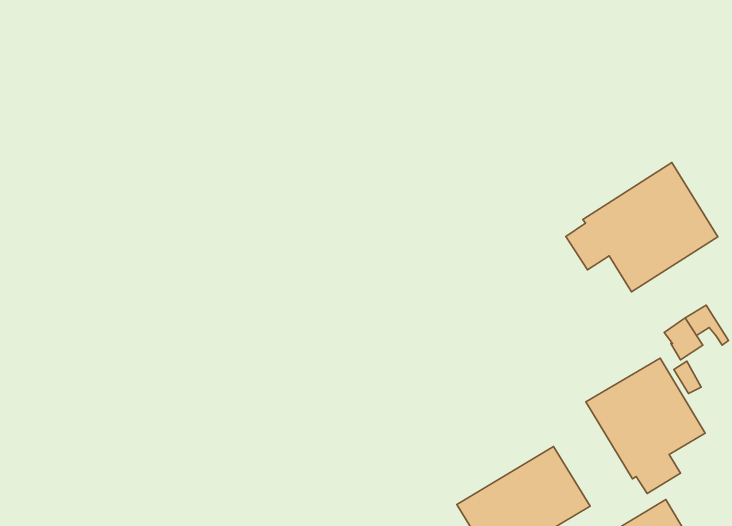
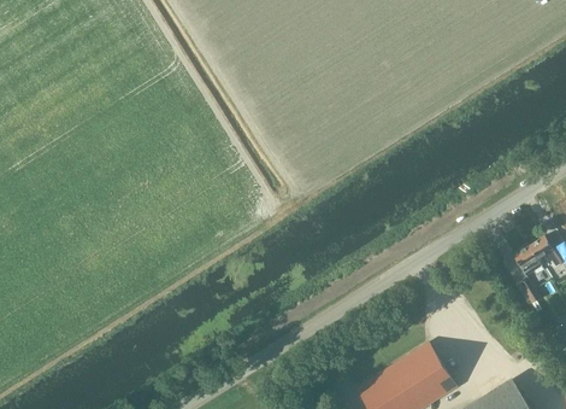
building: [566,163,718,292] -> none
building: [586,358,705,493] -> none

